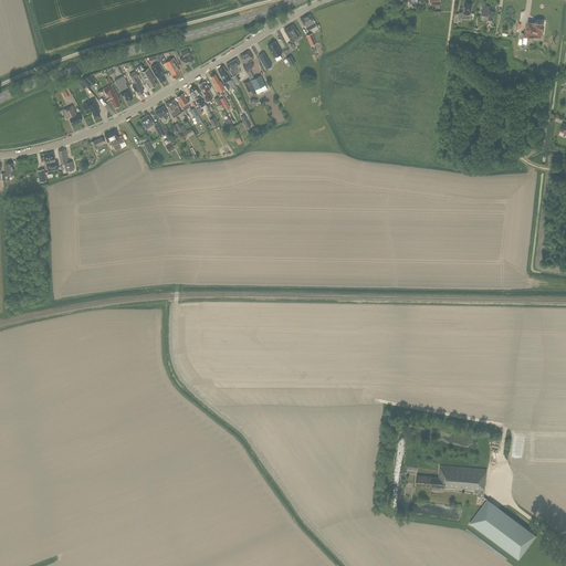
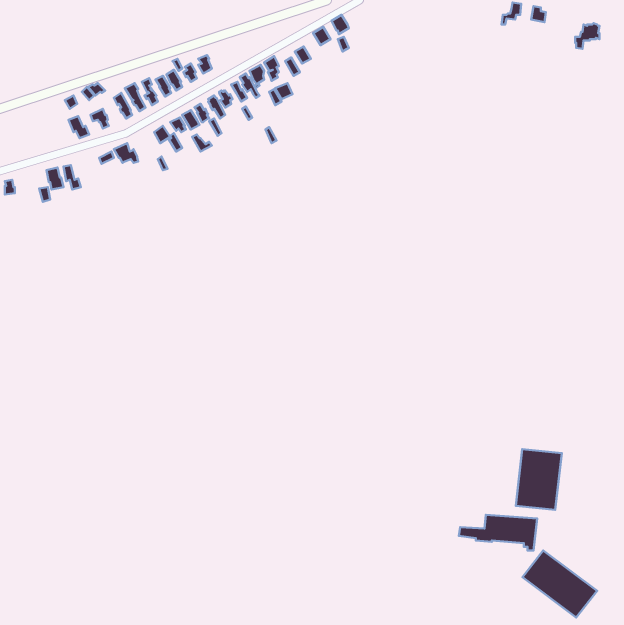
building: none -> [516,449,562,510]

